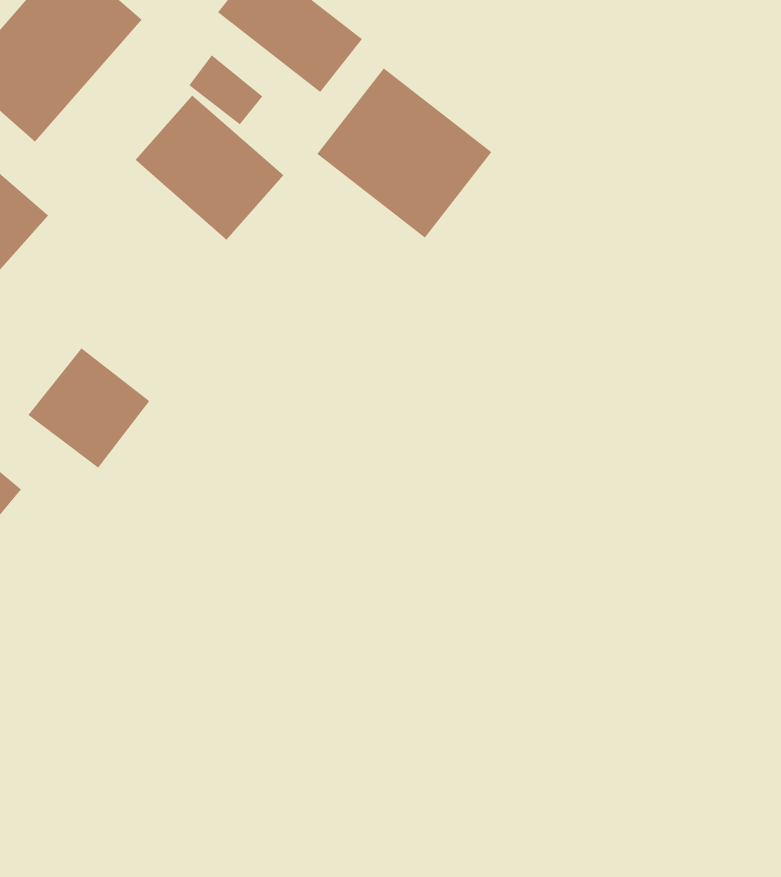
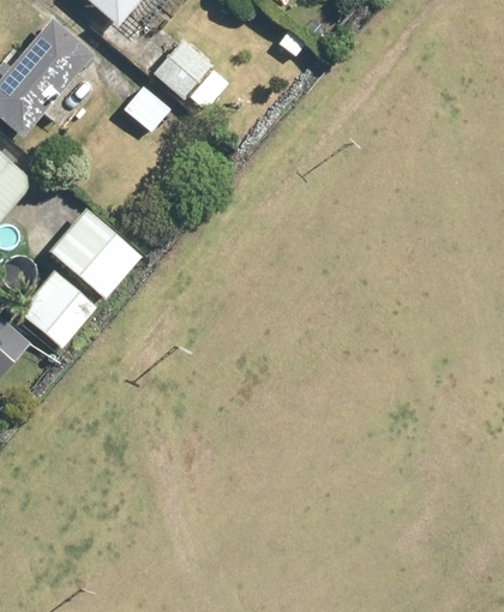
building: [317,67,492,238] -> none
building: [135,95,284,240] -> [46,205,139,296]

